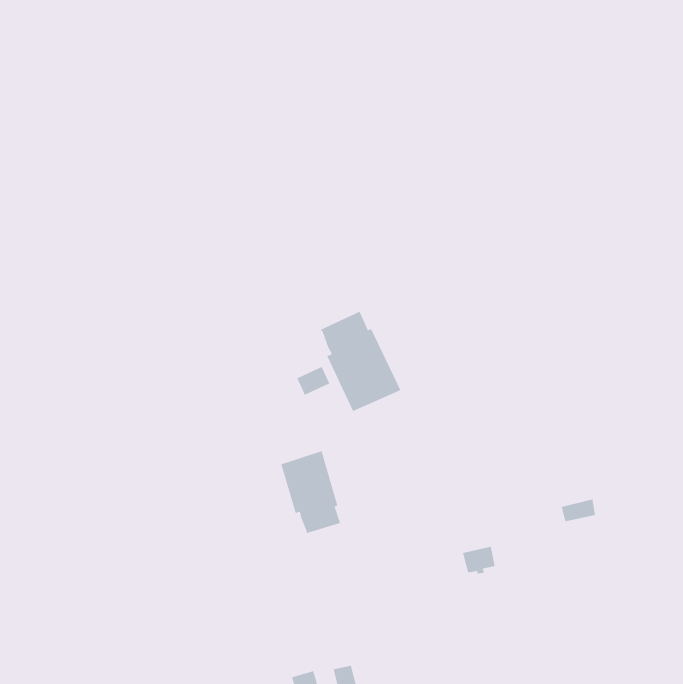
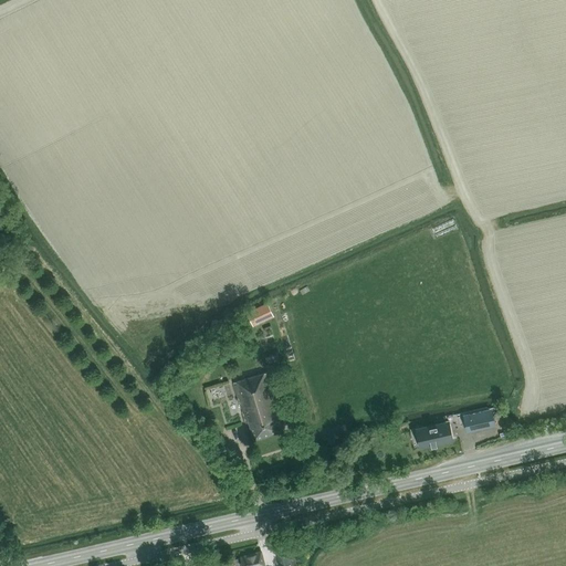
building: [320,311,401,412] -> none
building: [462,546,496,574] -> [417,426,444,449]

